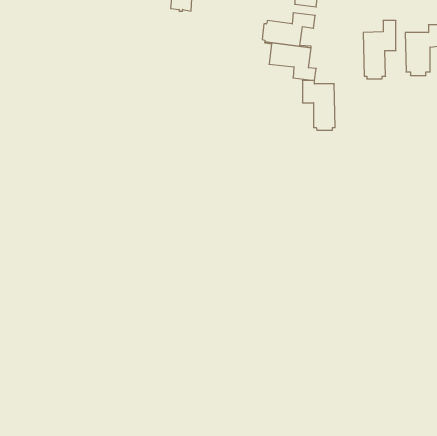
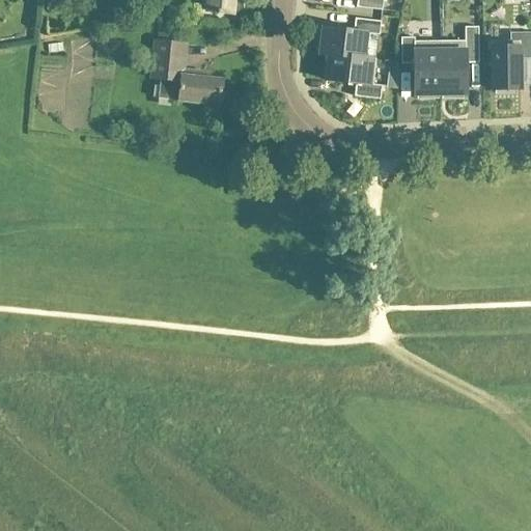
building: none -> [151,40,224,105]
building: [302,81,335,130] -> [402,35,442,95]

